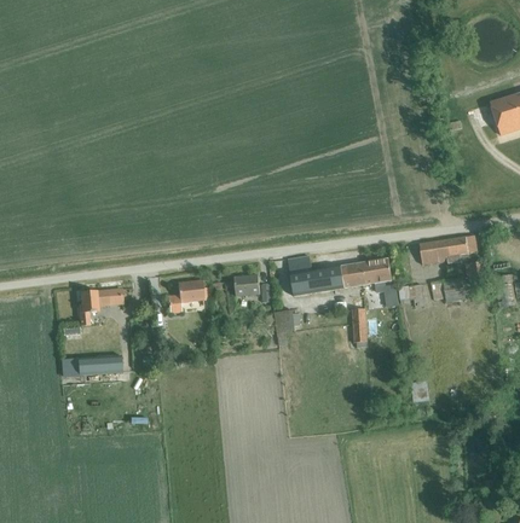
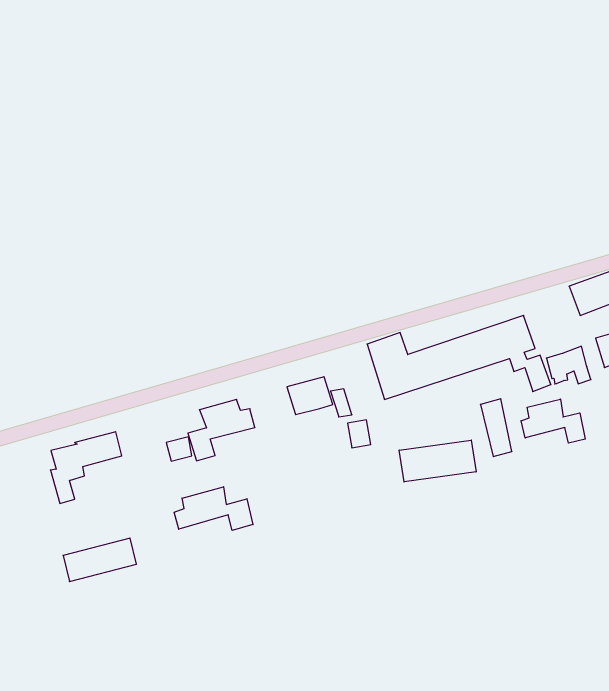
building: none -> [521,399,585,443]
building: none -> [399,440,476,482]
building: none -> [174,487,253,530]

